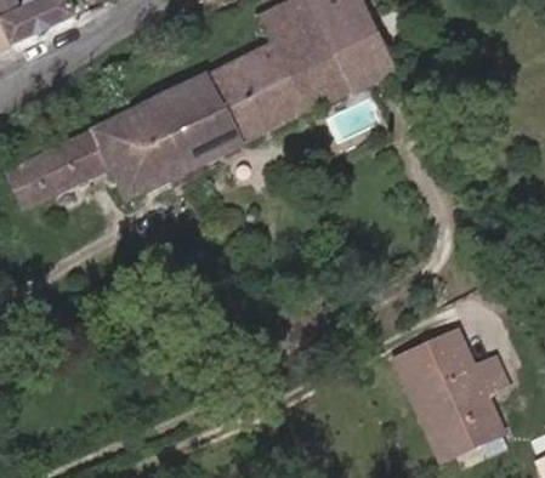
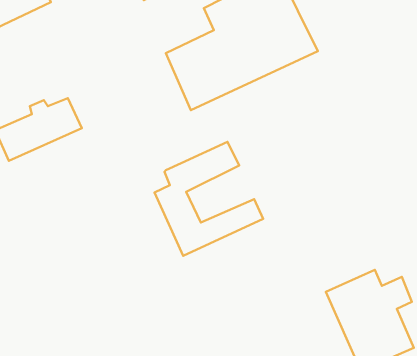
building: [91,74,240,198] -> none
building: none -> [154,142,263,256]

